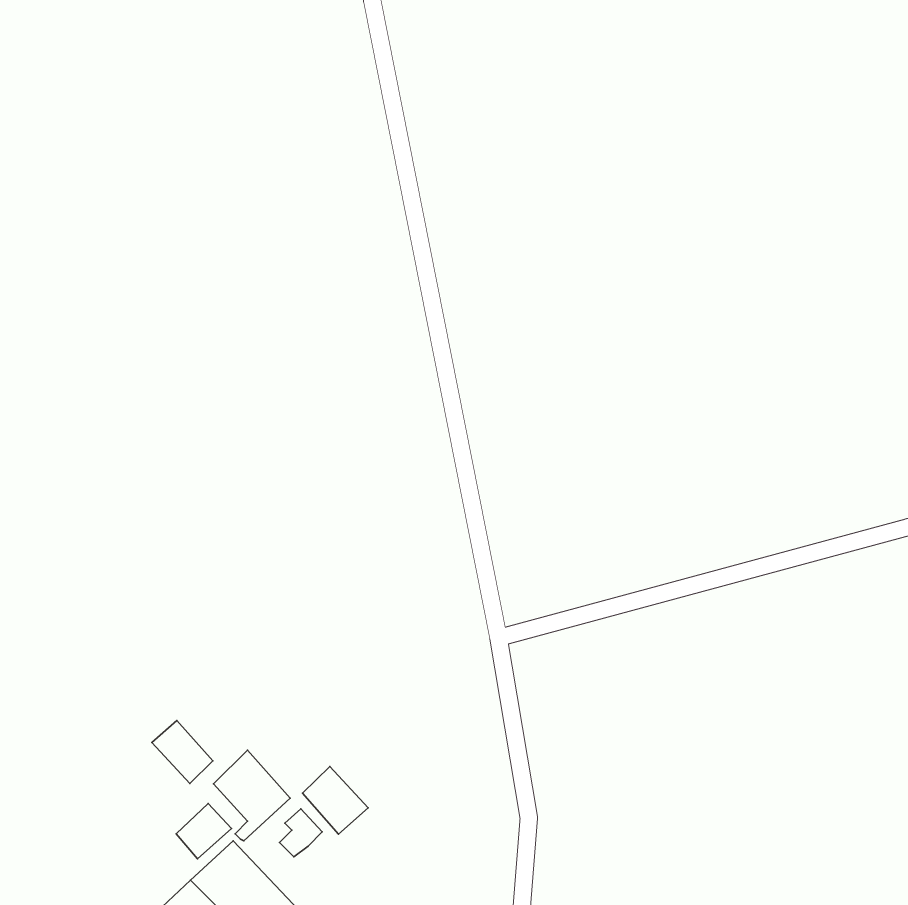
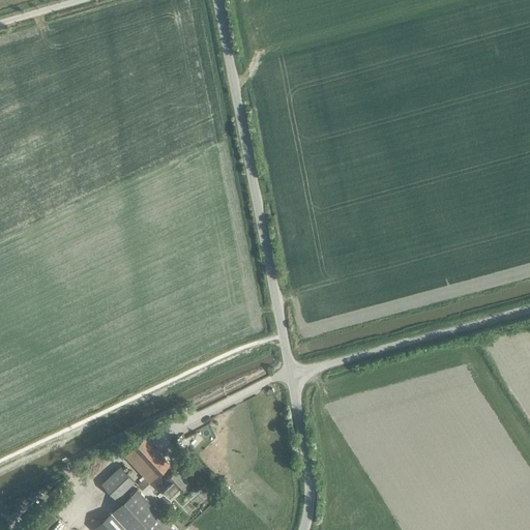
building: [152,720,213,783] -> none
building: [302,766,368,834] -> none

